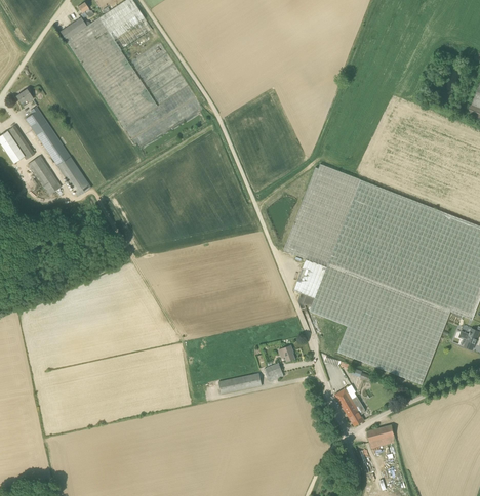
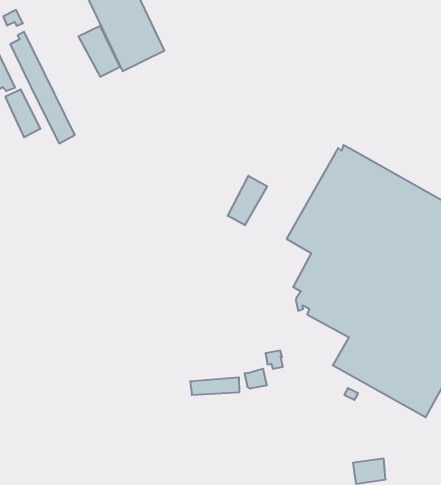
building: none -> [78,26,120,77]
building: none -> [228,176,267,225]
building: [335,384,364,426] -> none

